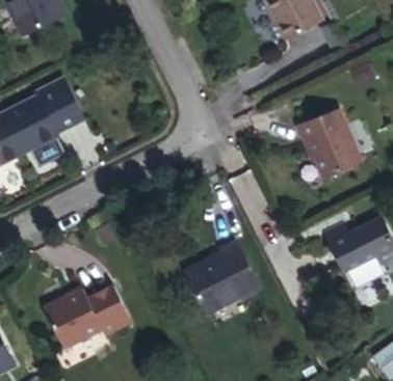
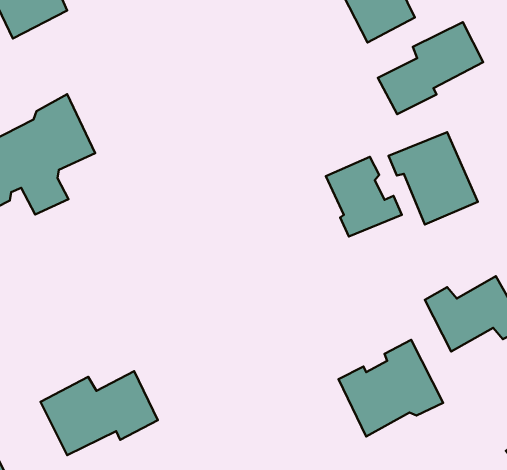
building: none -> [378,22,483,114]
building: none -> [326,157,402,237]
building: [183,238,261,309] -> [338,340,443,436]

